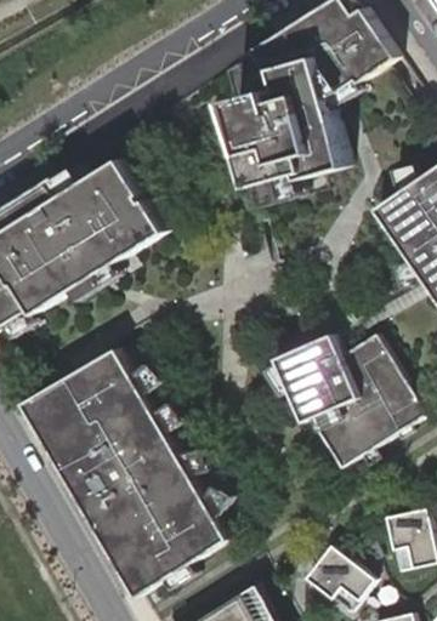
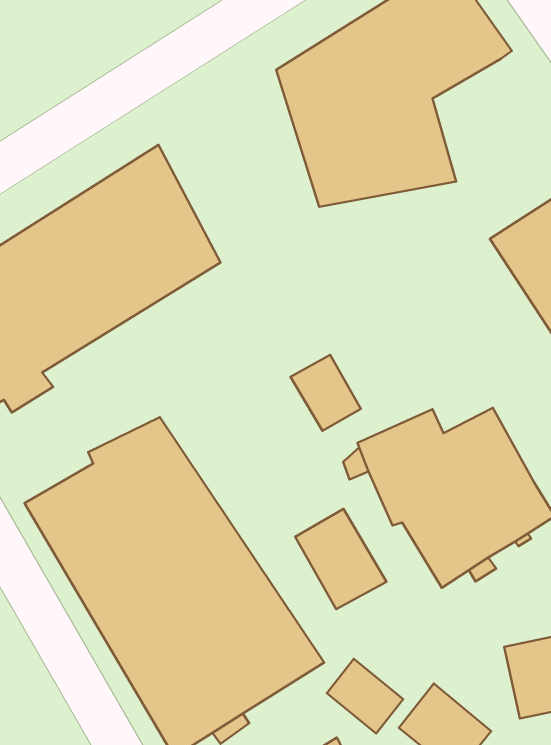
building: none -> [291,355,361,431]
building: none -> [295,509,386,609]
building: none -> [327,659,403,733]

